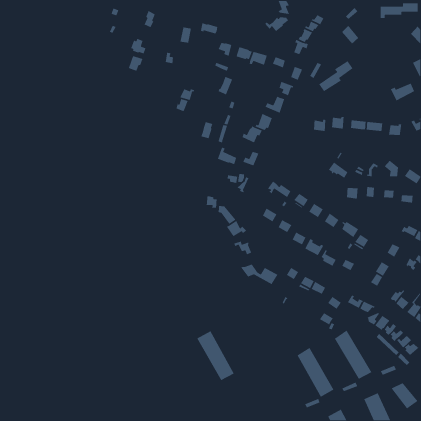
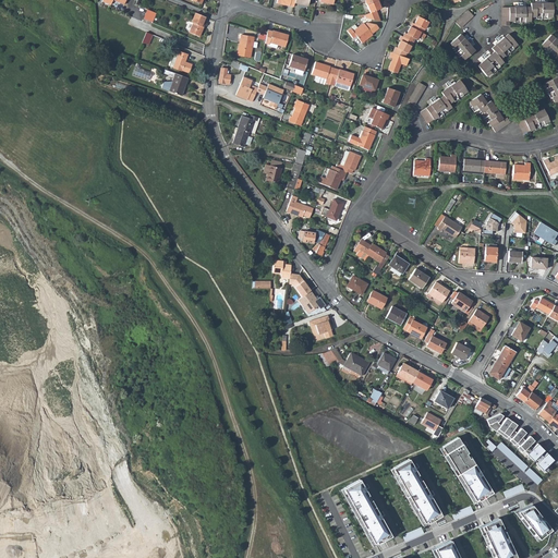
building: none -> [478,34,518,75]
building: none -> [235,77,283,108]
building: none -> [470,94,510,132]
building: [196,330,235,381] -> [341,478,392,546]

